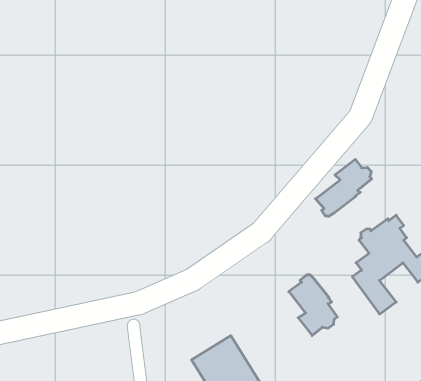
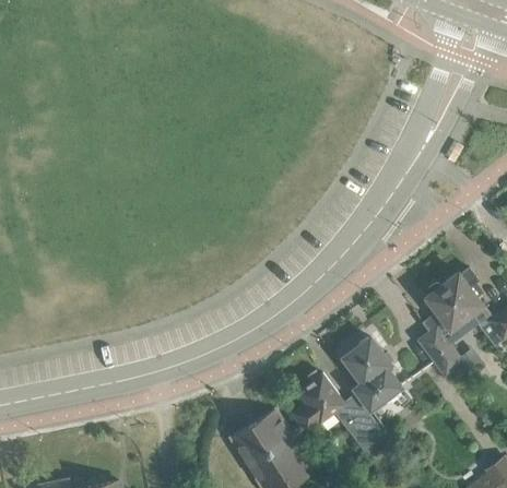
building: [315,159,372,216] -> none
building: none -> [292,373,385,451]

